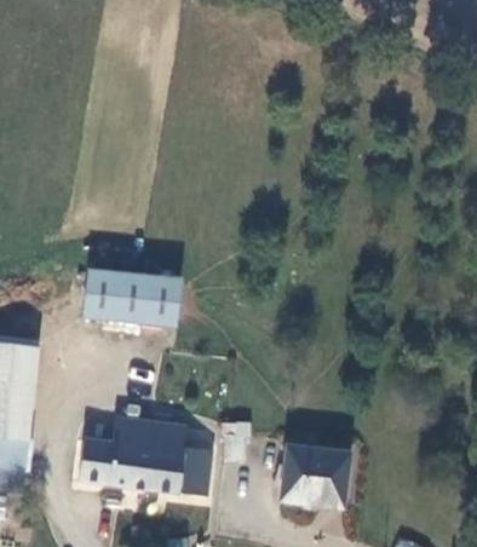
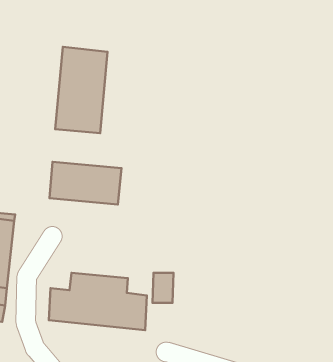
building: none -> [55,47,108,133]
building: [281,448,346,511] -> none

